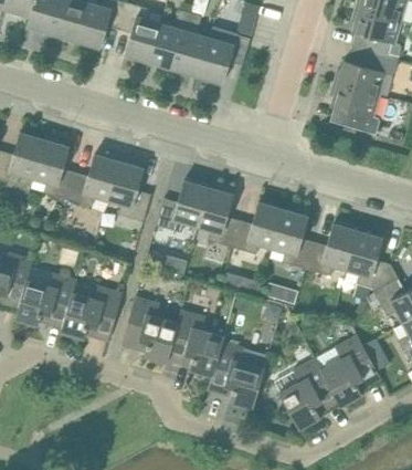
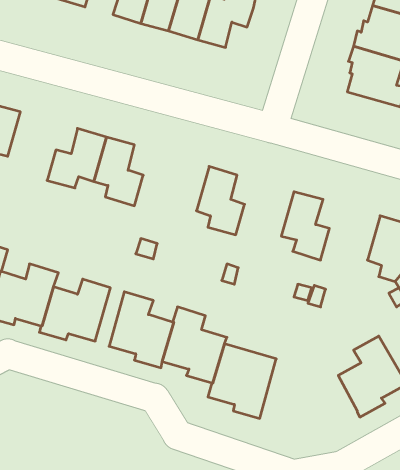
building: [33,139,75,199] -> none
building: [156,180,209,232] -> none
building: [232,201,283,254] -> none
building: [306,223,358,275] -> none
building: [279,357,338,429] -> none

